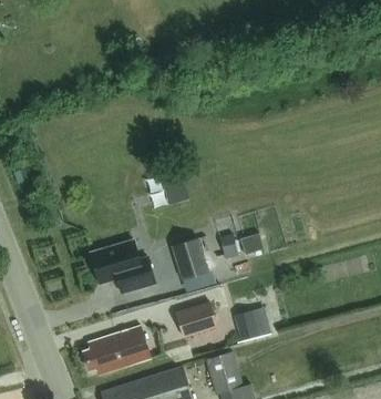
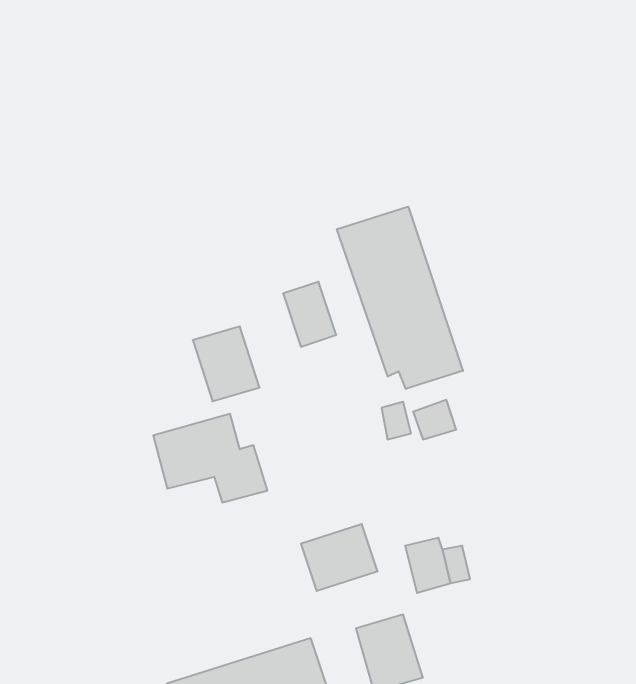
building: none -> [337,207,463,389]
building: [171,238,208,280] -> [193,326,260,401]
building: [83,325,151,375] -> none

